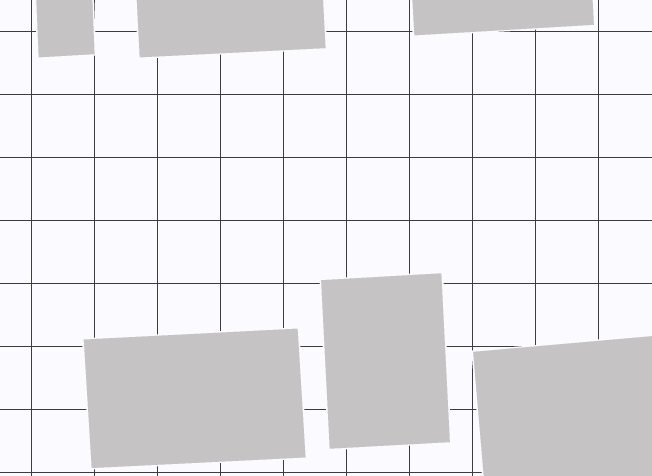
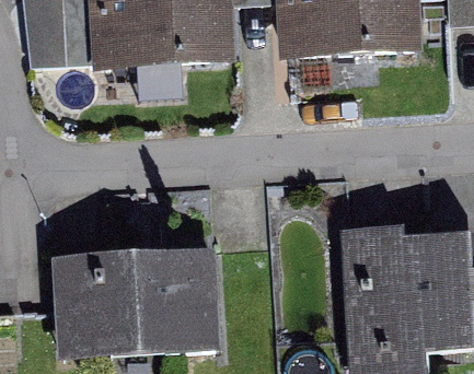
building: [320,273,451,450] -> none

